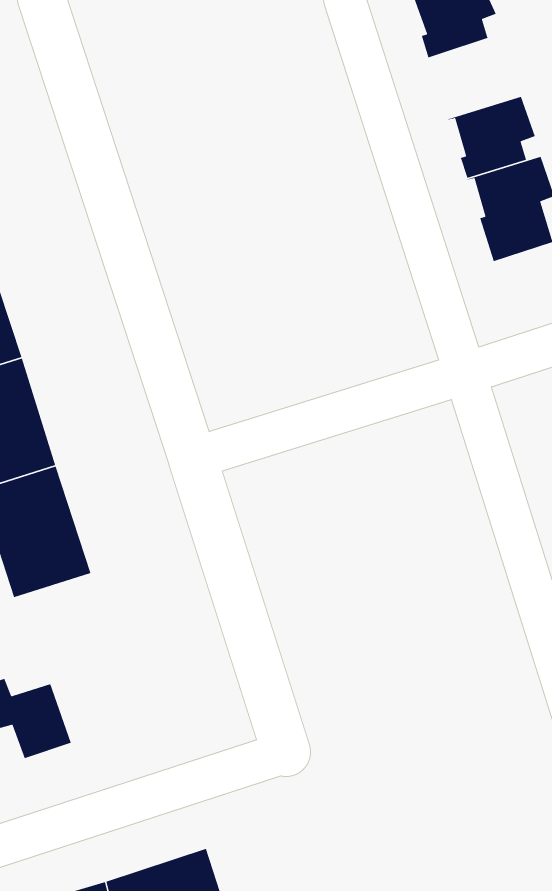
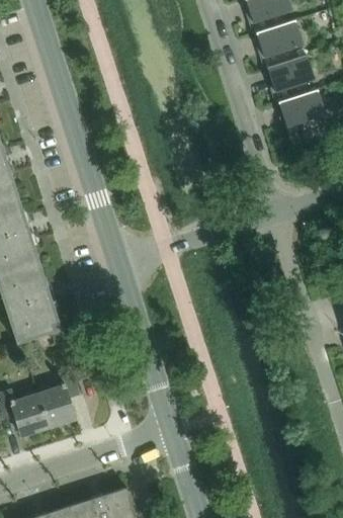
building: none -> [253,20,307,69]
building: none -> [37,368,81,426]

